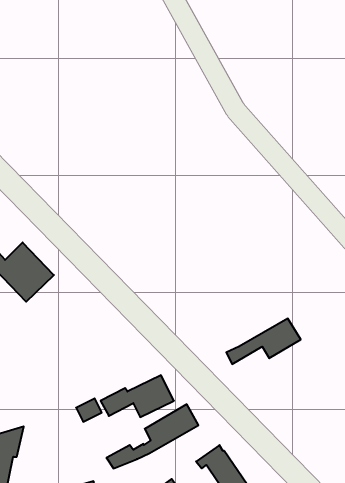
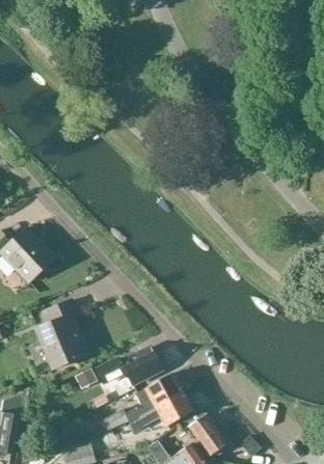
building: [226,319,301,364] -> [128,391,194,432]
building: none -> [36,300,87,369]

